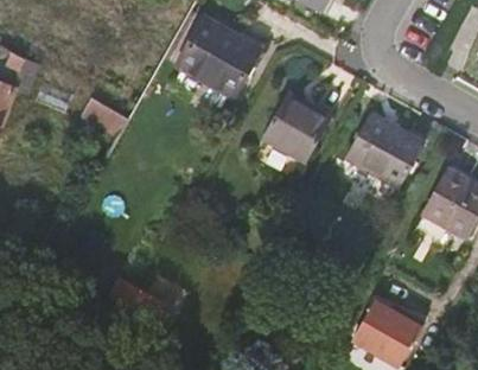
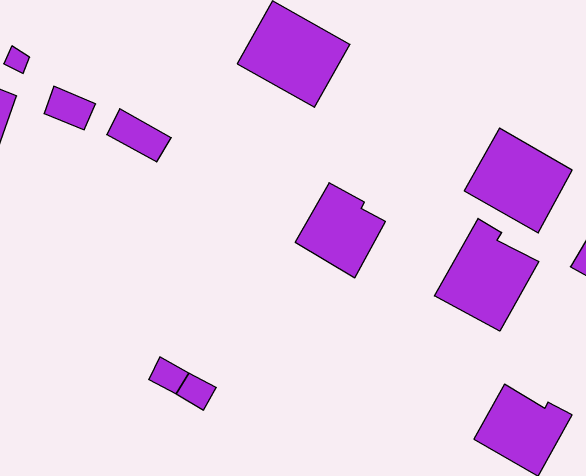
building: [262,92,329,162] -> [295,183,385,278]
building: none -> [434,218,539,331]

